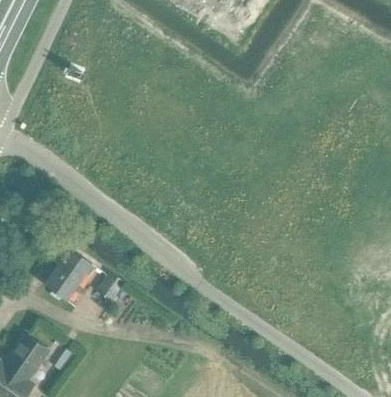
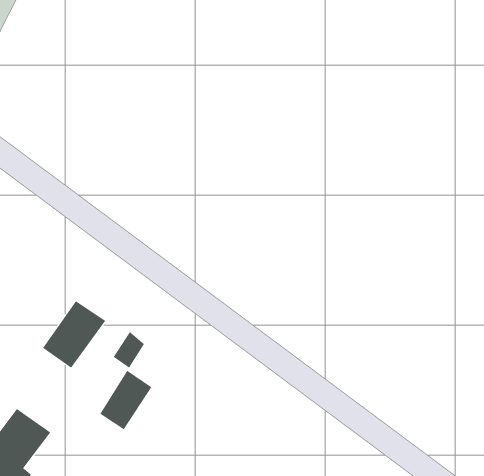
building: none -> [99,370,152,430]

